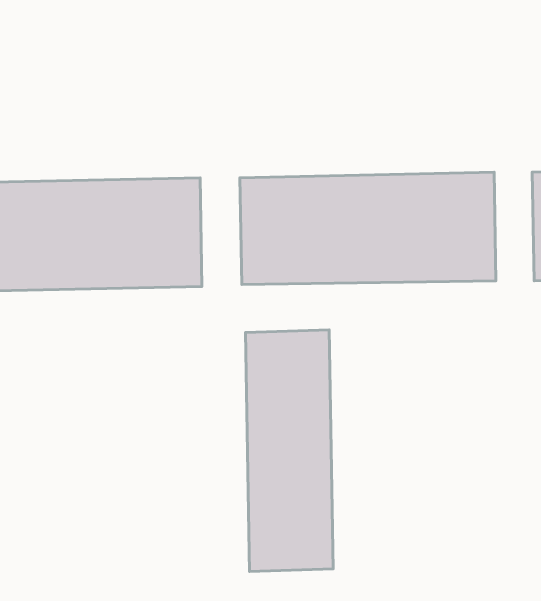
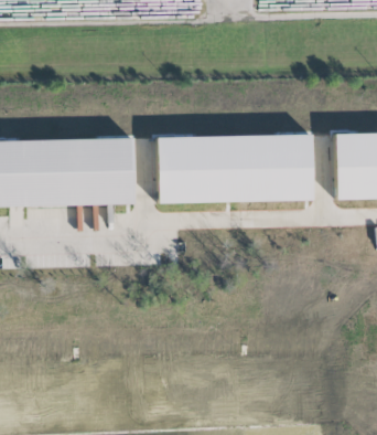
building: [246,330,333,571] -> none

